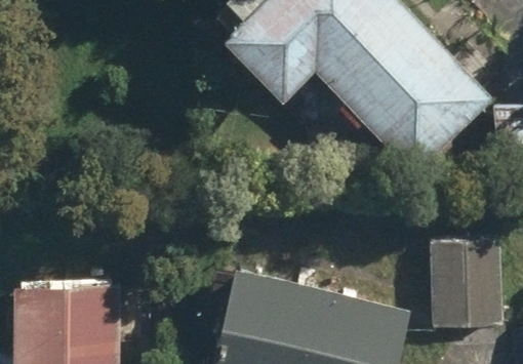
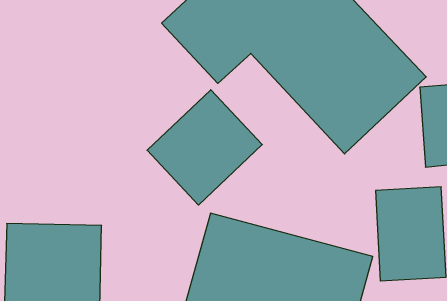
building: none -> [147,90,262,205]

